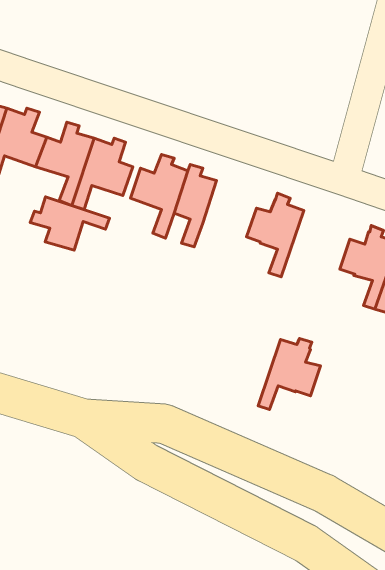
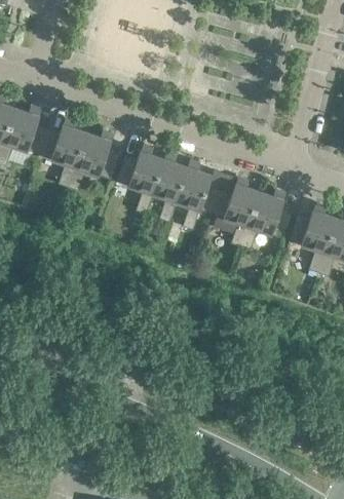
building: none -> [176,162,220,230]
building: [30,197,109,250] -> none
building: [258,338,321,409] -> [240,191,292,250]

